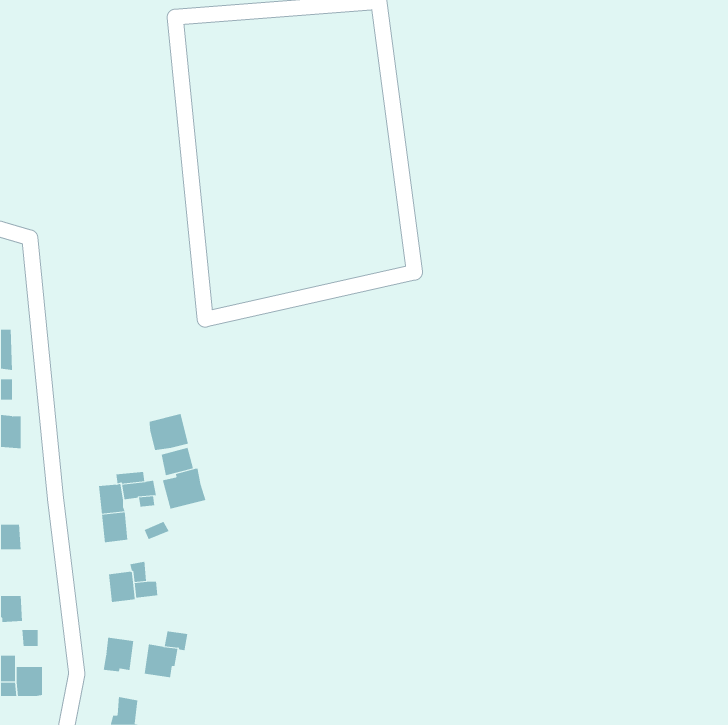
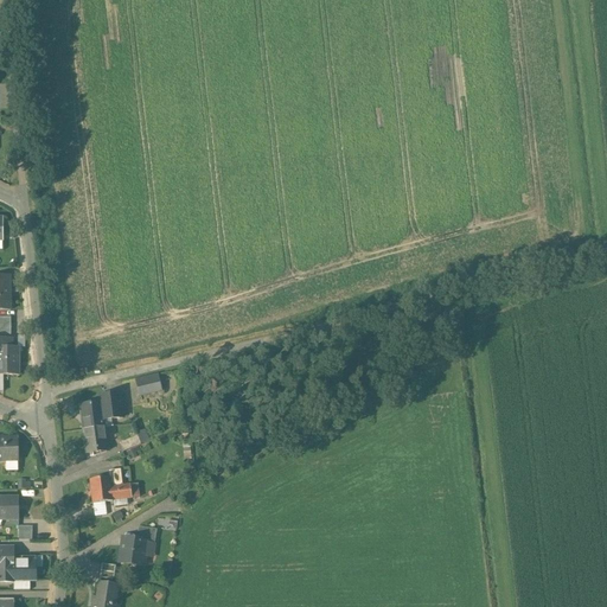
building: [149,413,188,451] -> none
building: [162,468,206,510] -> none
building: [103,637,134,672] -> none

